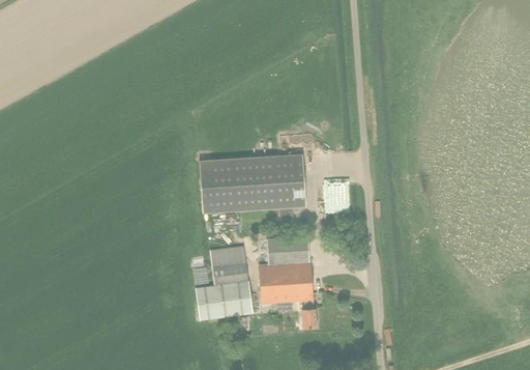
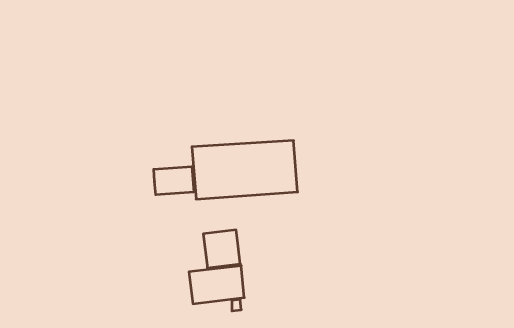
building: none -> [154,167,194,195]
building: [258,235,316,325] -> none

